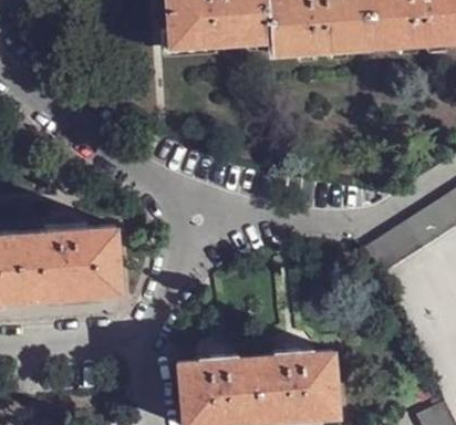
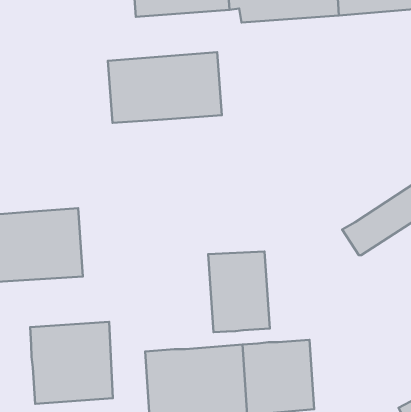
building: none -> [108,52,222,123]
building: none -> [208,252,270,332]
building: none -> [30,322,113,404]

